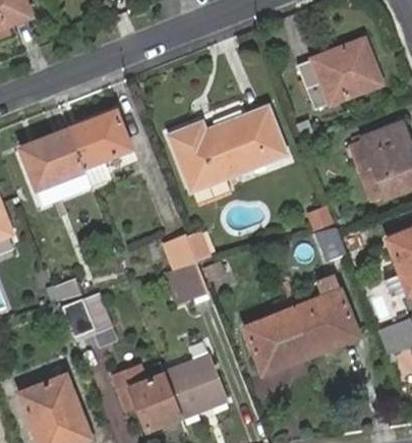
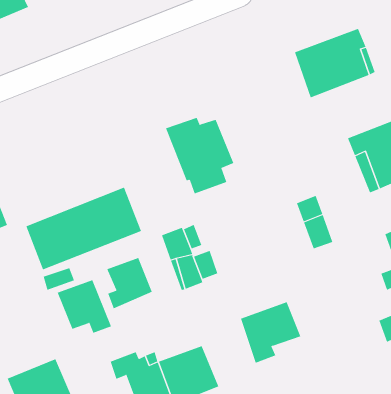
building: [13,105,131,189] -> [25,187,142,270]
building: [222,109,287,172] -> none
building: none -> [107,257,153,309]
building: [294,277,359,348] -> none

